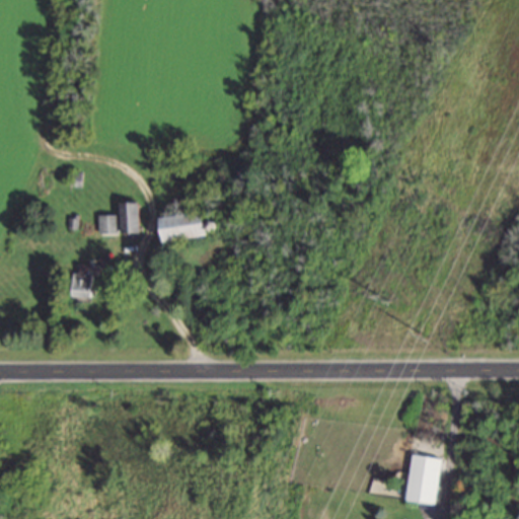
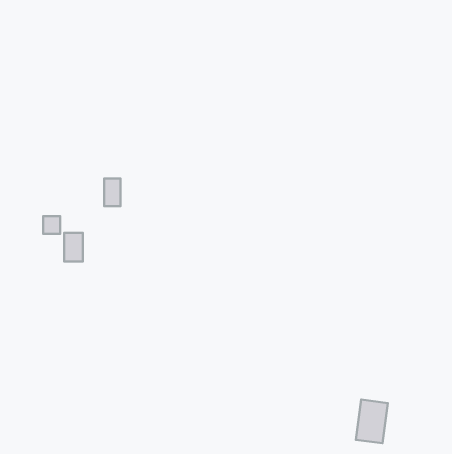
building: [160,211,208,242] -> none
building: [96,215,116,235] -> [43,216,60,234]

